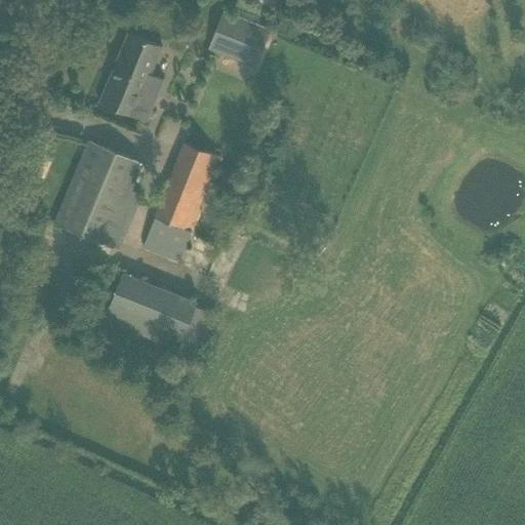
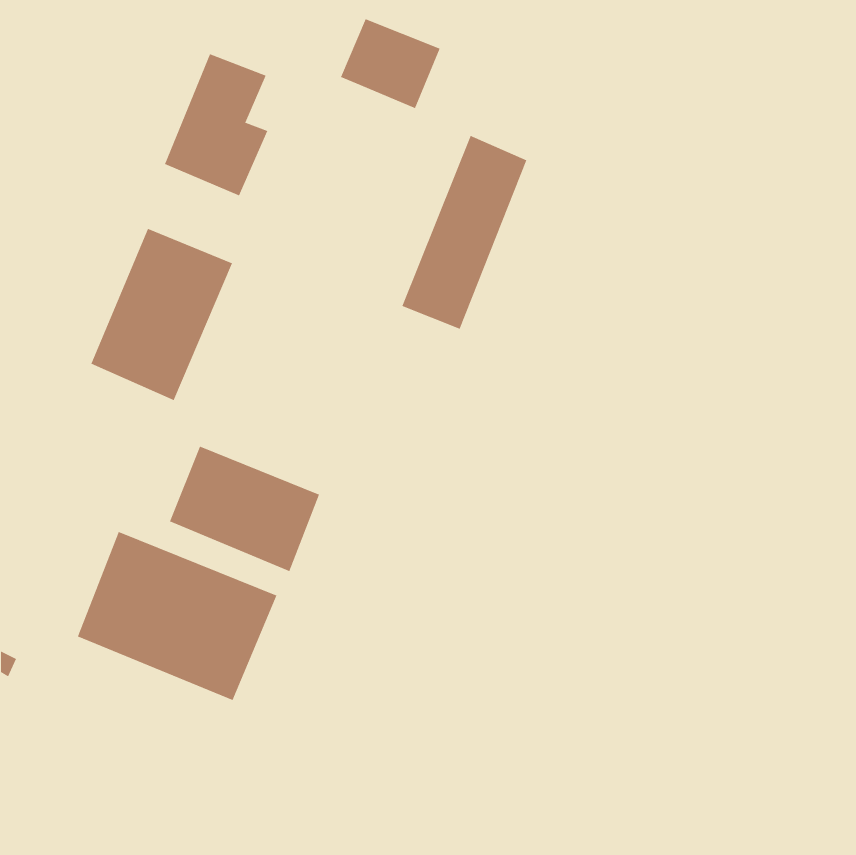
building: [144,143,220,261] -> [402,135,527,329]
building: none -> [77,531,277,701]

